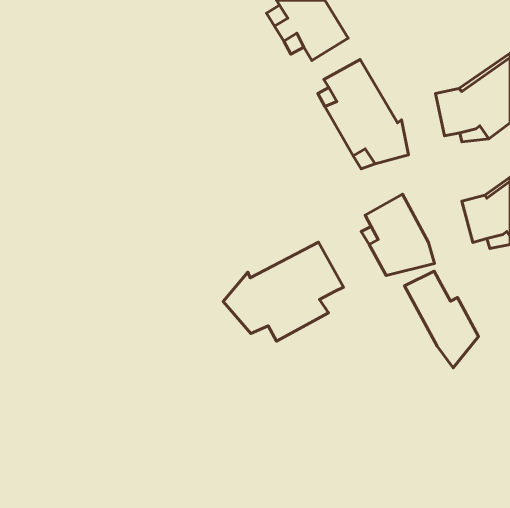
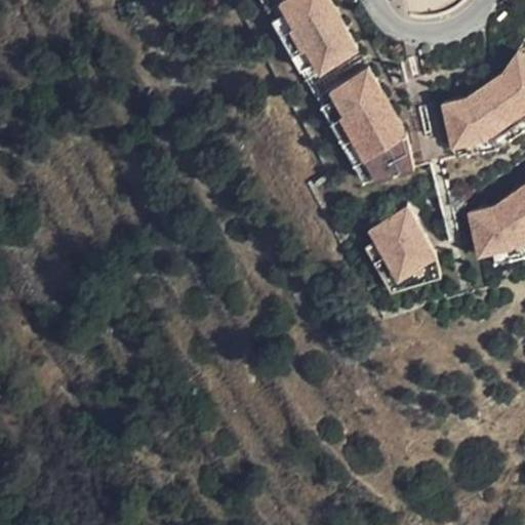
building: [223,242,343,341] -> none
building: [405,271,479,368] -> none

